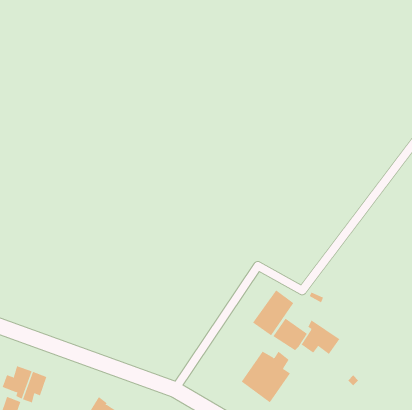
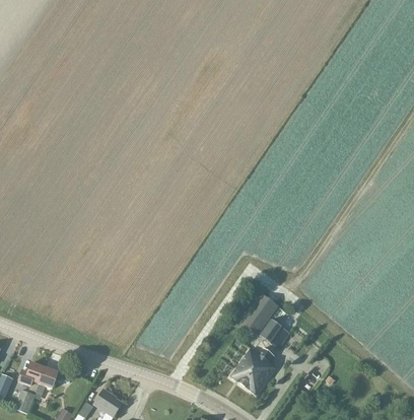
building: [301,319,340,355] -> none

